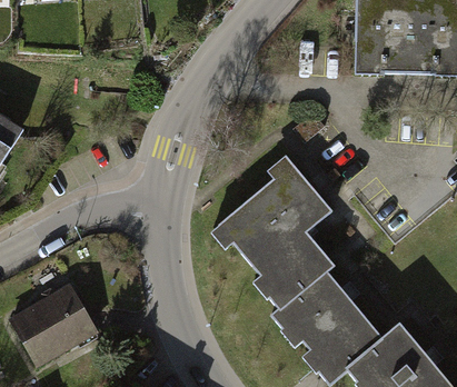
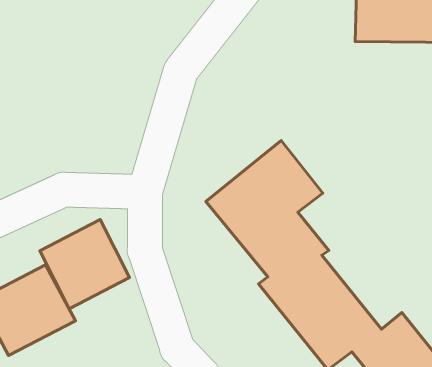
building: none -> [40,219,130,309]

